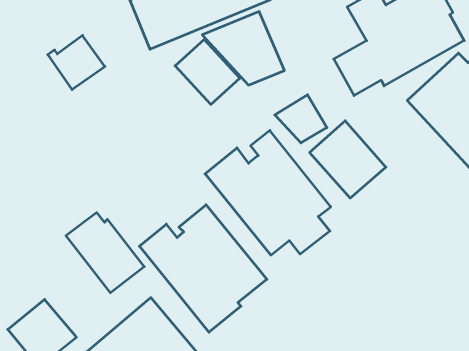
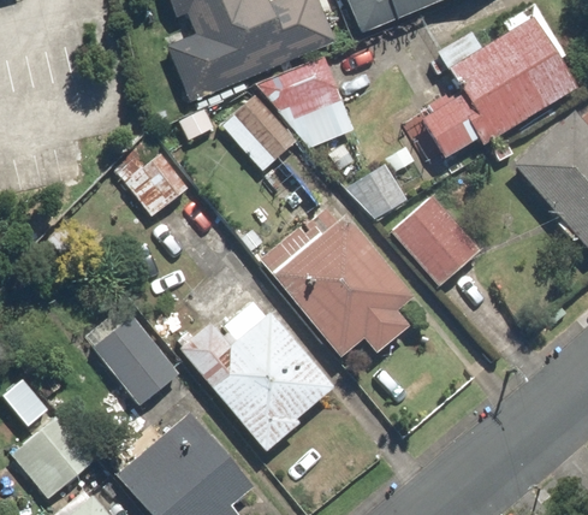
building: [48,35,105,90] -> [120,149,191,217]

